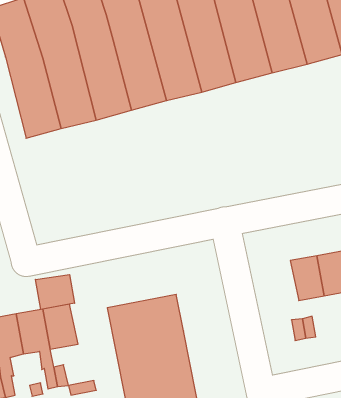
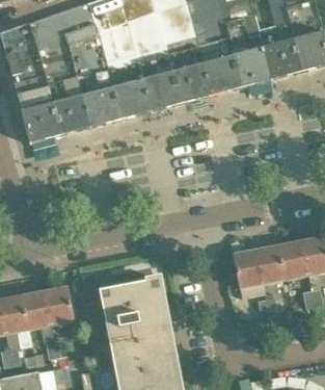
building: none -> [233,249,263,288]
building: [35,275,75,309] -> none

